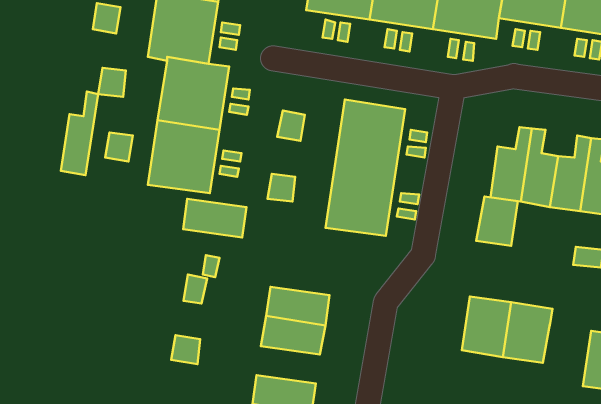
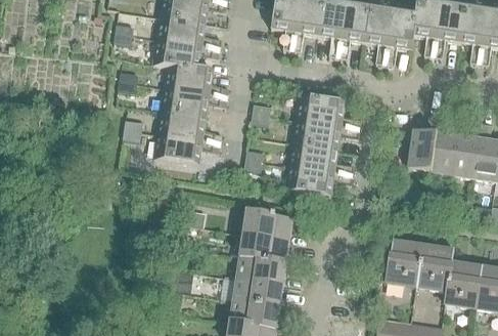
building: [61,91,98,175] -> none
building: [476,197,518,246] -> none
building: [183,199,246,237] -> [244,212,291,241]
building: none -> [445,262,483,308]
building: none -> [234,279,281,306]

